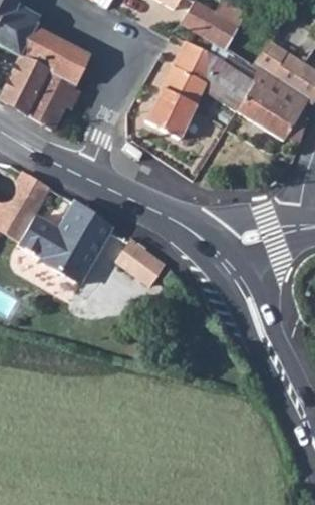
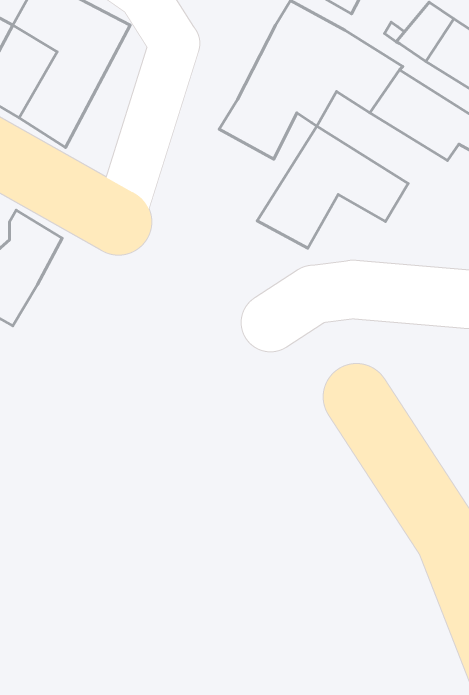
building: none -> [257,126,408,248]
building: [19,199,111,282] -> none
building: [117,241,163,282] -> none

